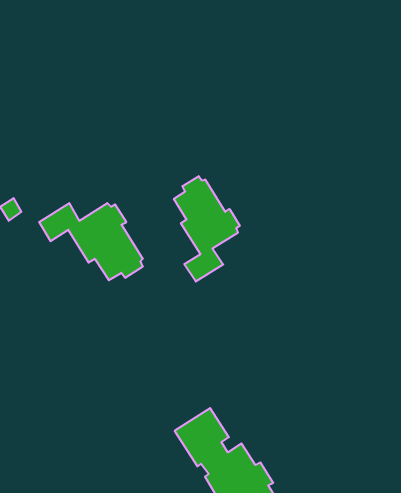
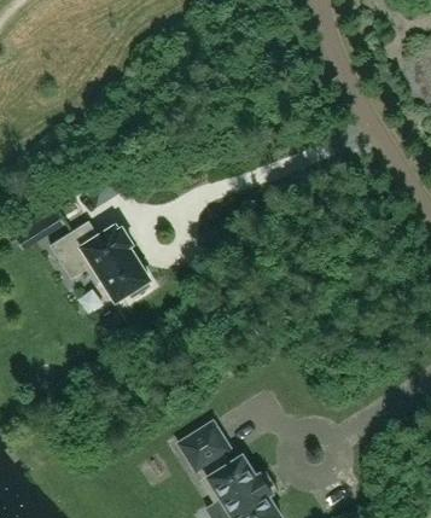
building: [174,176,240,282] -> none

